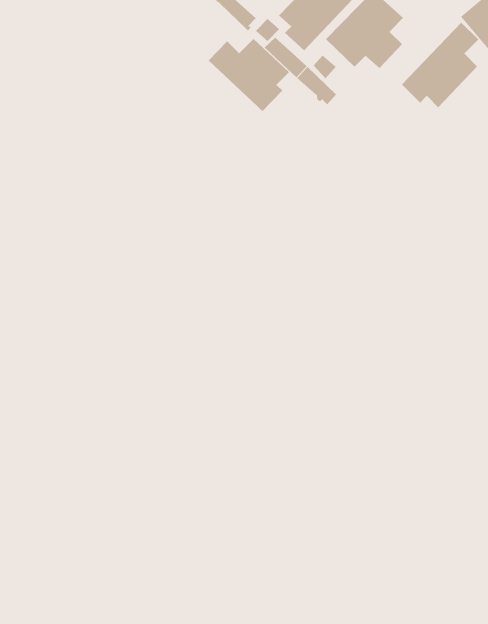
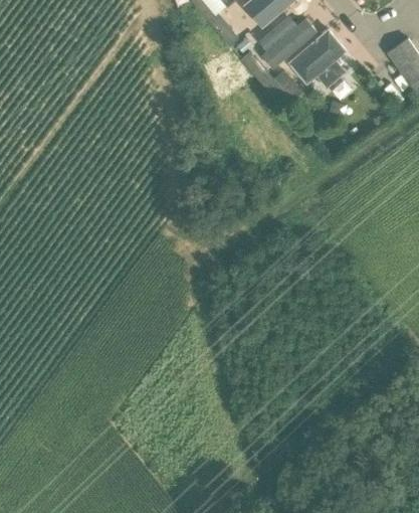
building: [401,22,479,108] -> none
building: [208,38,290,112] -> none

